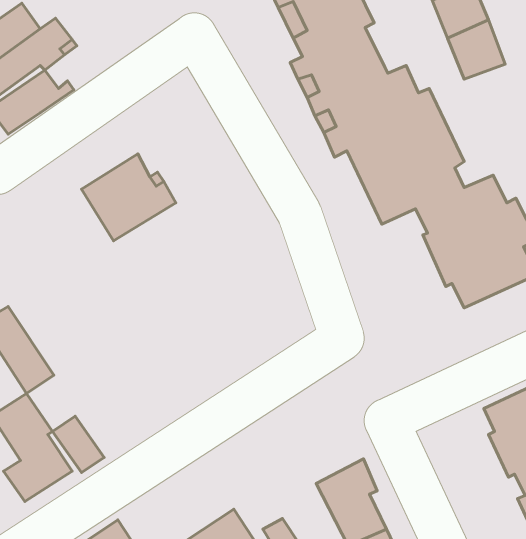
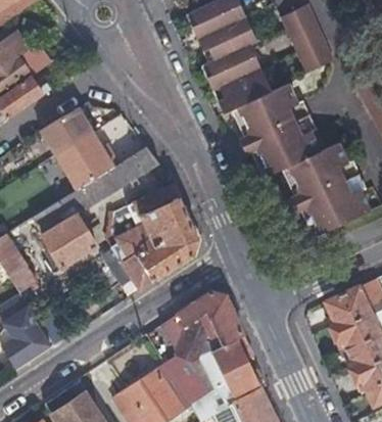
building: none -> [40,108,93,155]
building: none -> [32,147,159,268]
building: none -> [110,186,199,289]
building: none -> [160,291,244,363]

